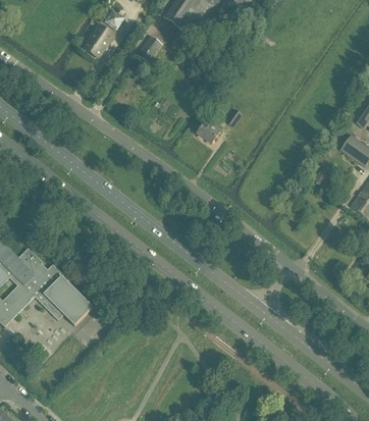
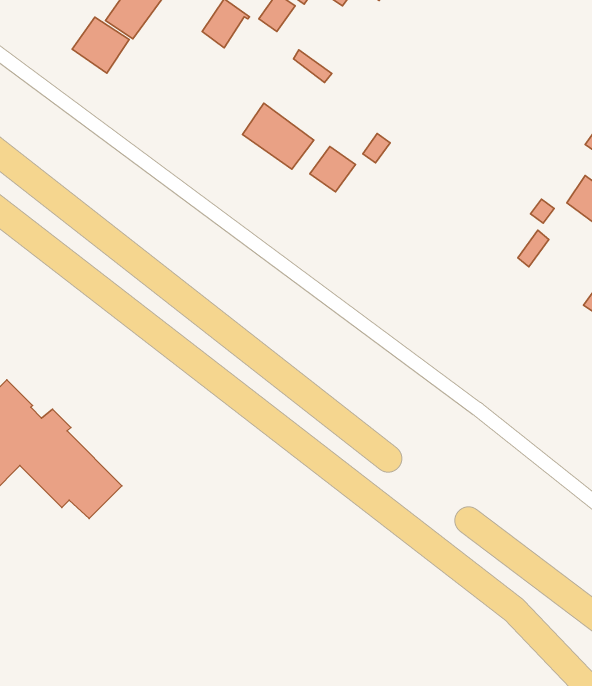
building: none -> [72,17,129,73]
building: none -> [242,103,314,169]

